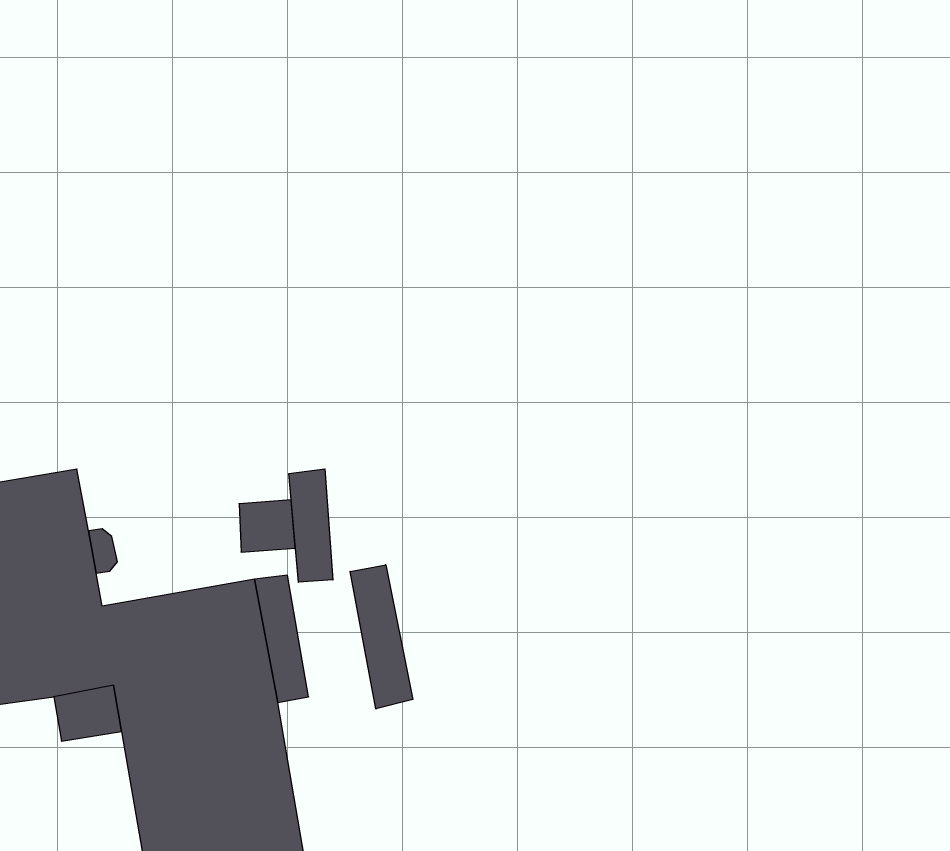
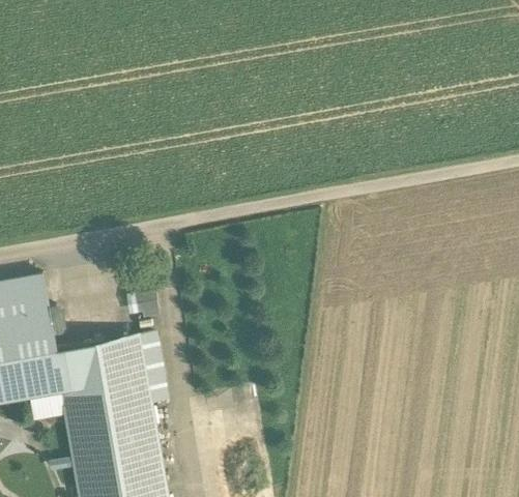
building: [289,469,333,582] -> none
building: [350,565,413,709] -> none

